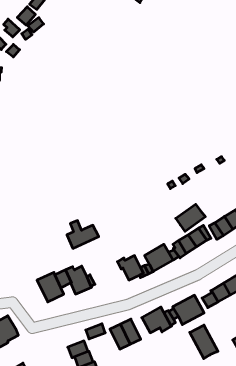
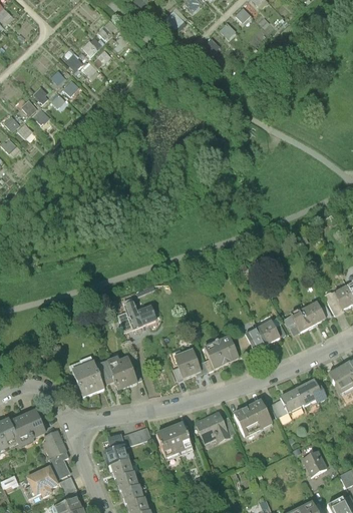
building: [176,204,205,231] -> none
building: [190,325,218,359] -> none
building: none -> [43,429,67,457]

